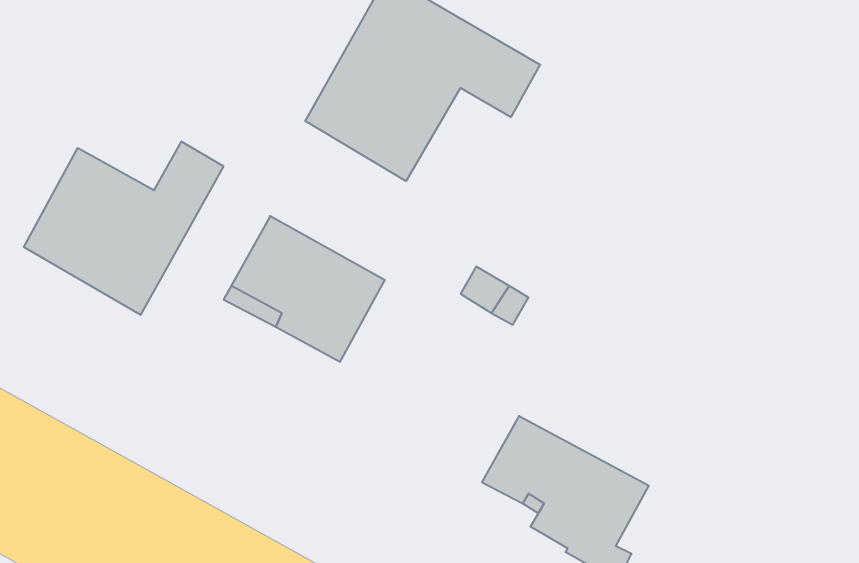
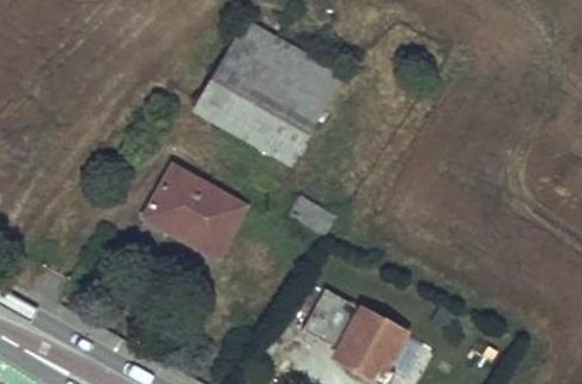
building: none -> [257,87,322,163]
building: [24,141,223,315] -> none

